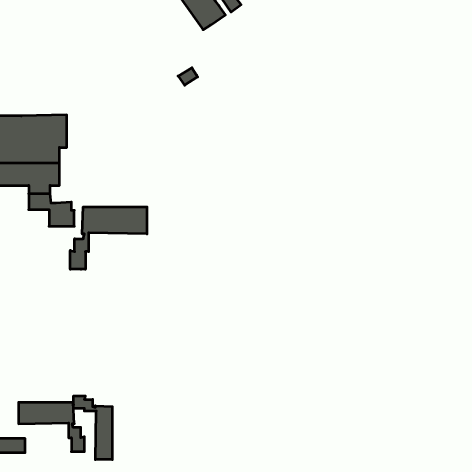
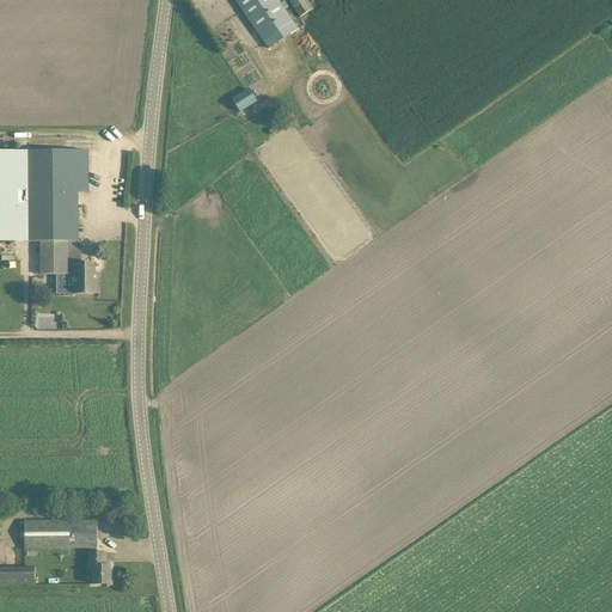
building: [70,207,147,269] -> none
building: [74,396,112,460] -> none

